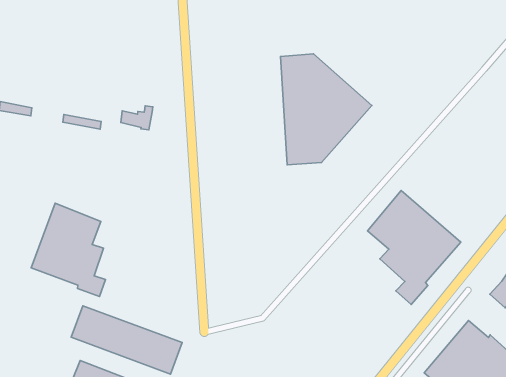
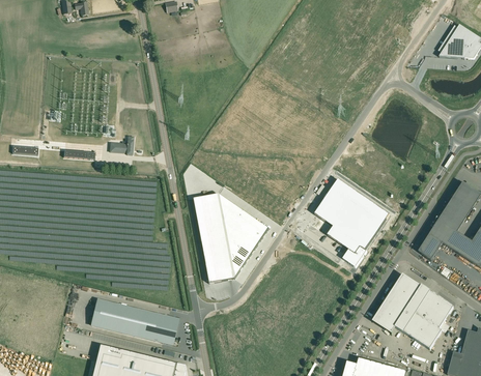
building: [281,54,372,165] -> [193,193,270,283]
building: [31,203,106,297] -> none

